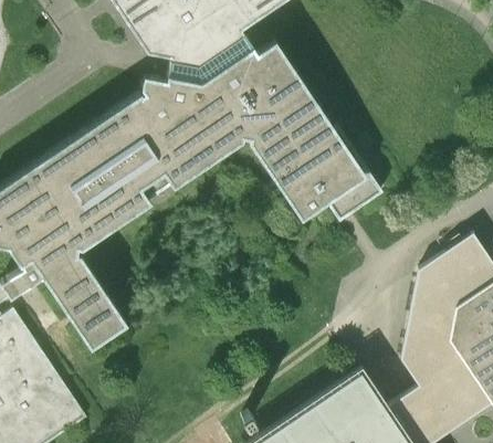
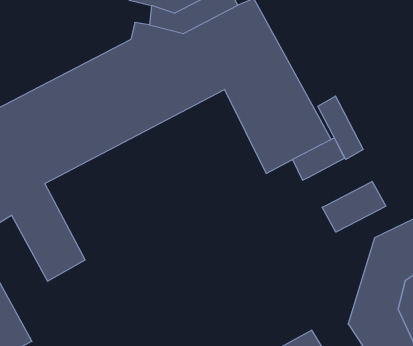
building: none -> [318,96,363,159]
building: none -> [322,181,386,232]

